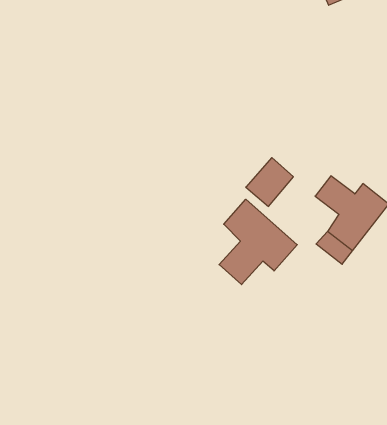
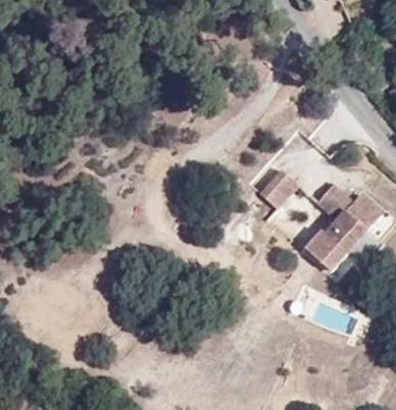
building: [219,199,297,285] -> none

